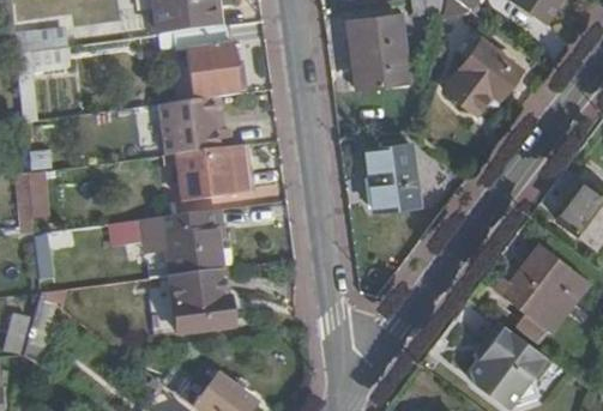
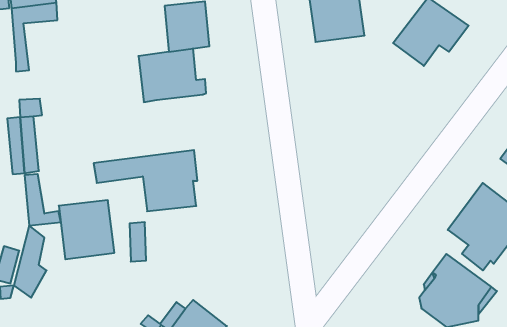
building: [367,144,420,210] -> none
building: [180,145,254,199] -> none
building: [169,268,230,333] -> [59,200,114,259]

